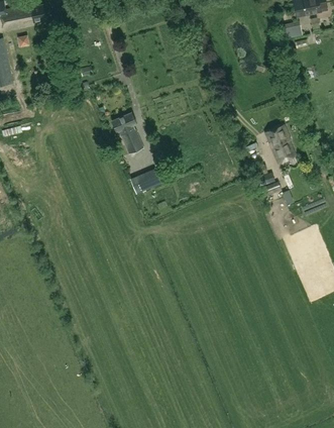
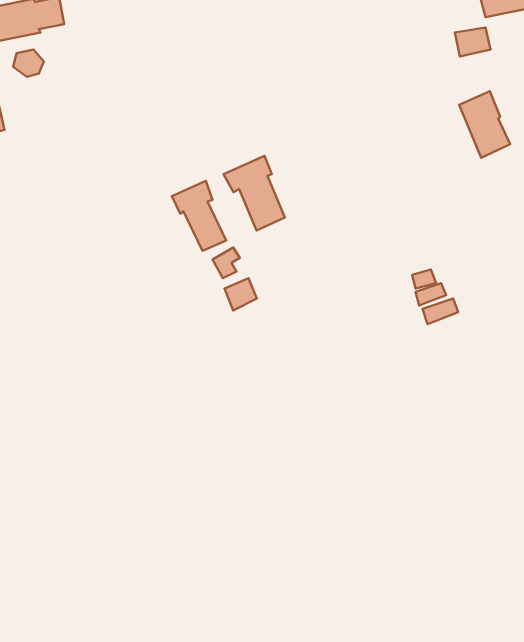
building: none -> [223,156,285,231]
building: [264,125,295,165] -> [459,91,510,158]

